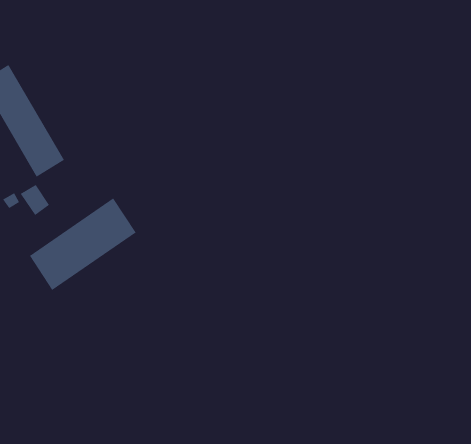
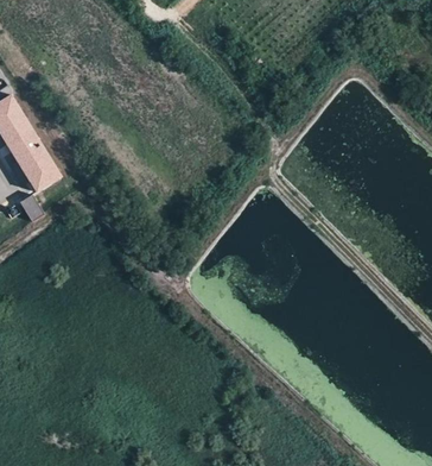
building: [29,198,137,291] -> none

